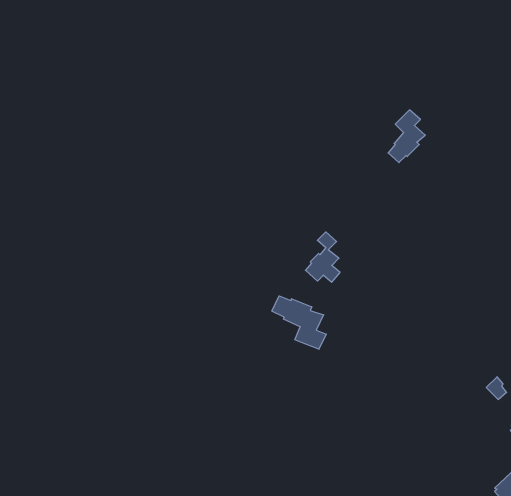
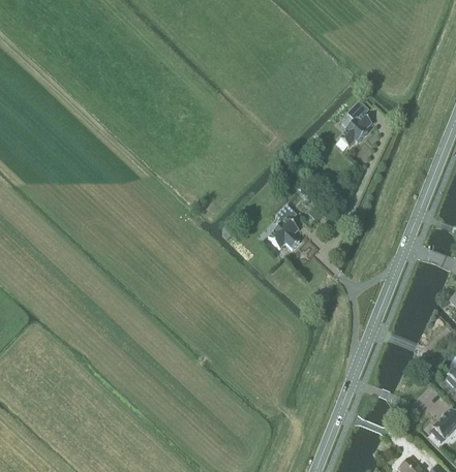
building: [272,296,326,349] -> none

